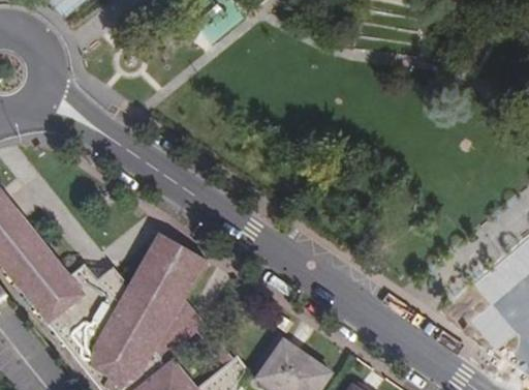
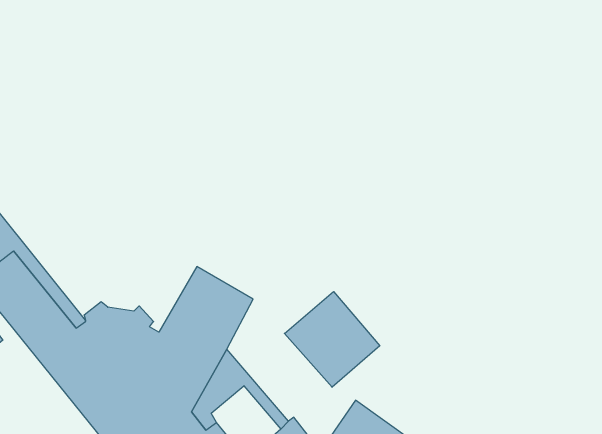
building: none -> [284,292,380,387]

